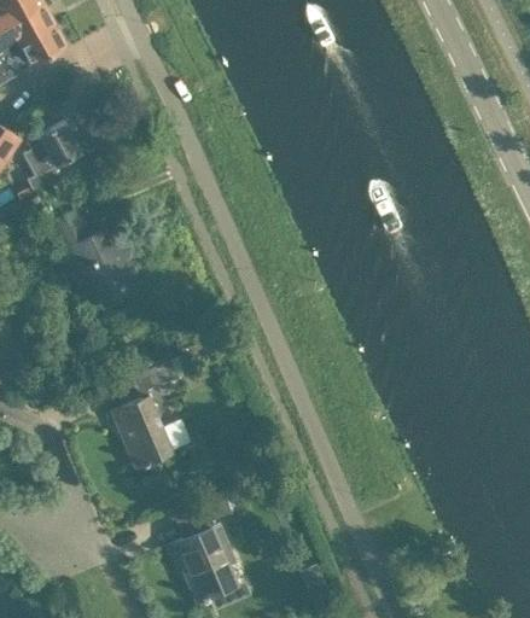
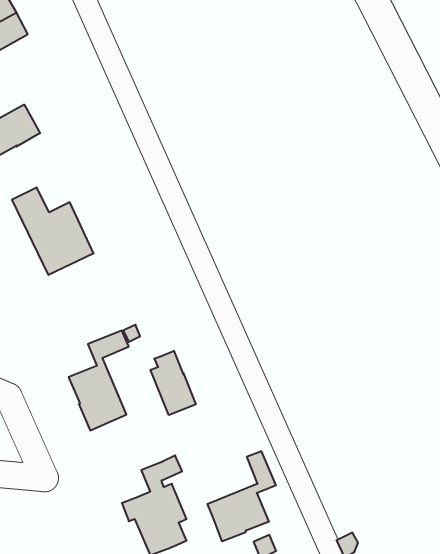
building: none -> [151,351,196,415]
building: none -> [207,451,276,541]

